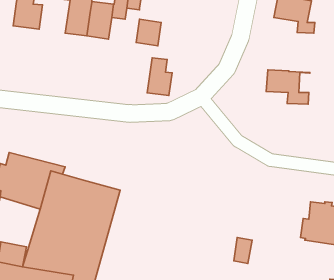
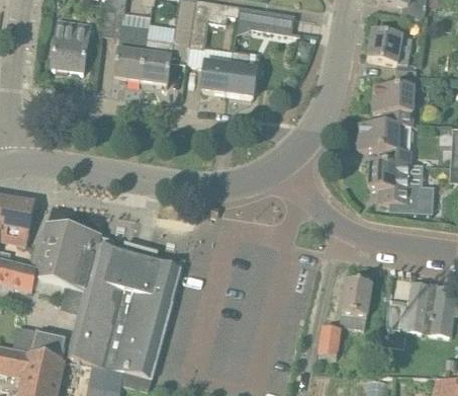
building: none -> [373,83,413,125]
building: [147,58,172,95] -> [226,50,257,95]
building: none -> [369,161,423,204]
building: none -> [340,280,371,328]

